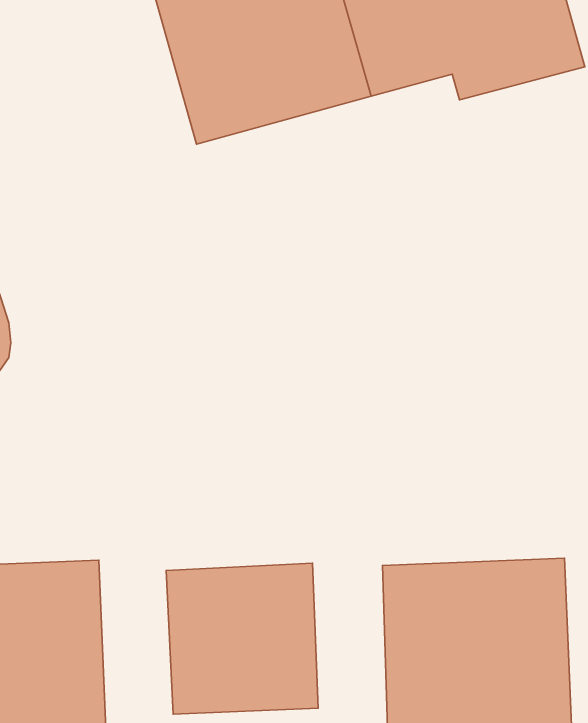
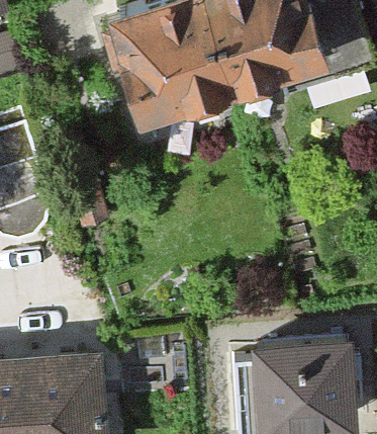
building: [166,563,318,714] -> none

